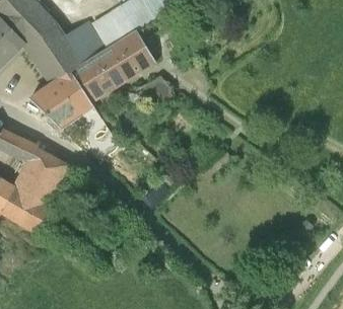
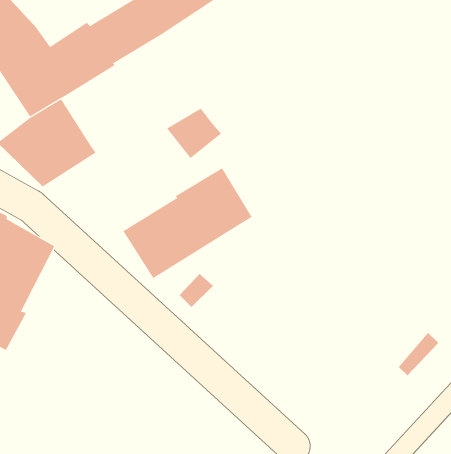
building: [72,29,155,100] -> [123,168,253,279]

